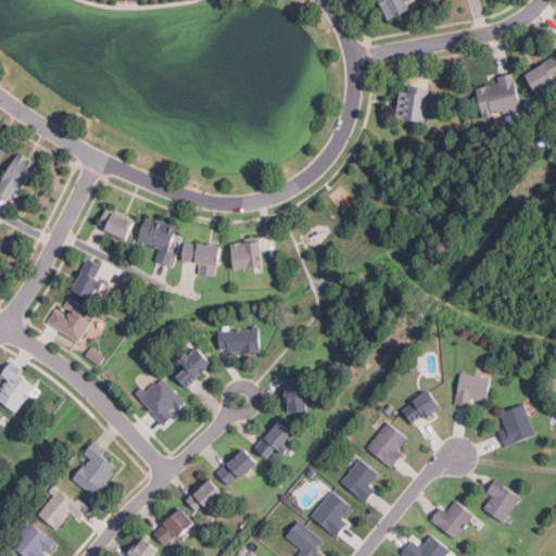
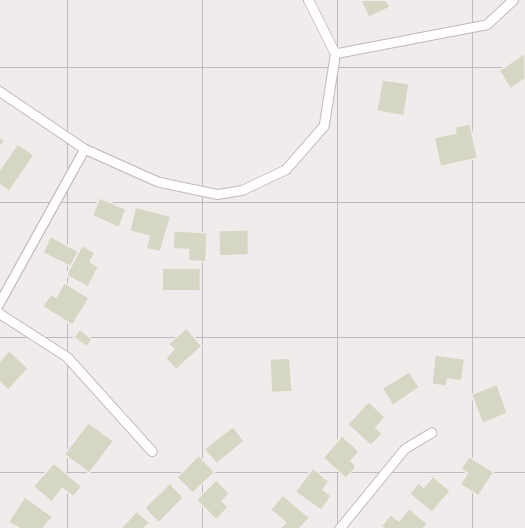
building: [473,74,519,118] -> [434,124,478,166]
building: none -> [43,236,78,266]
building: [217,329,257,353] -> [162,268,200,291]
building: [135,376,184,425] -> none
building: [254,420,296,457] -> none
building: none -> [196,480,229,520]

